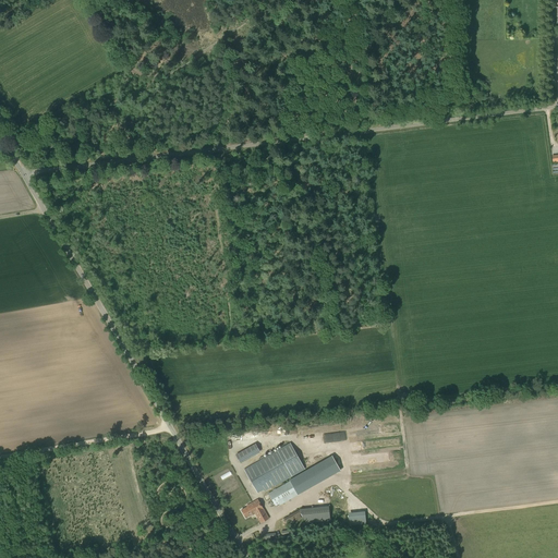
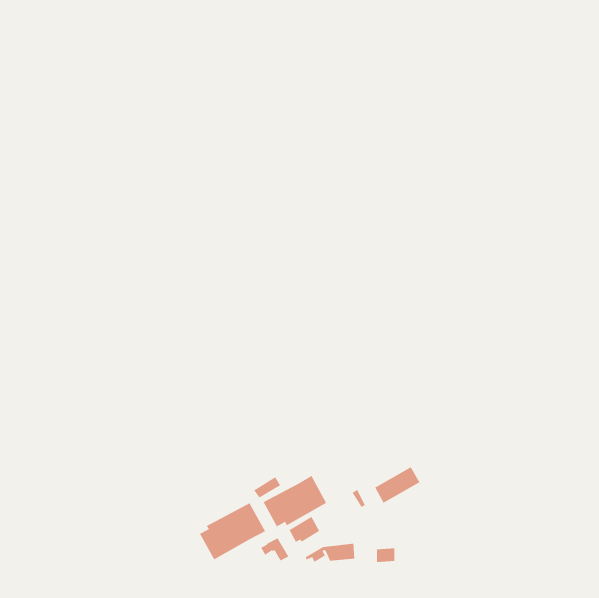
building: [289,459,332,494] -> [374,466,421,504]
building: none -> [199,502,266,560]

